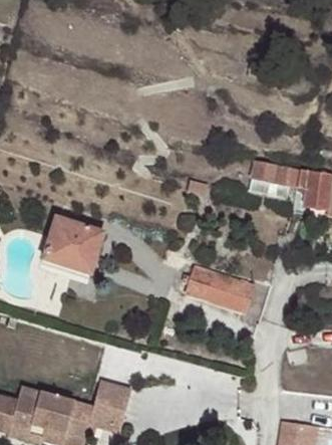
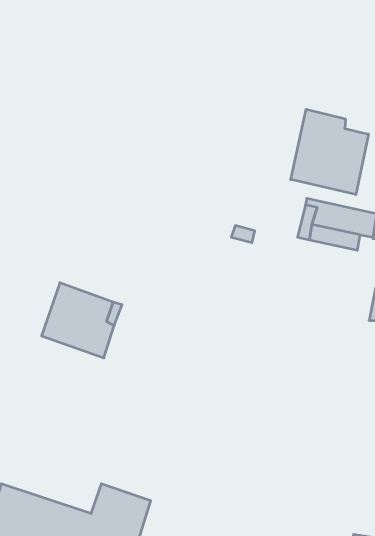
building: none -> [291,109,368,195]
building: [187,267,254,312] -> none

